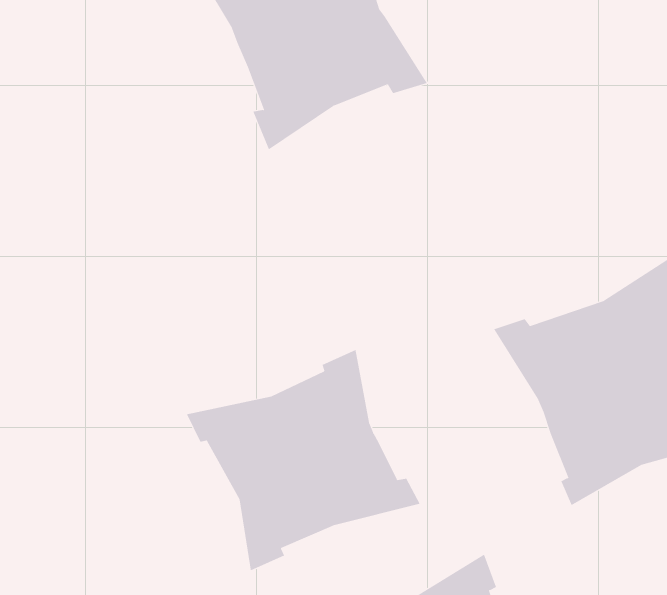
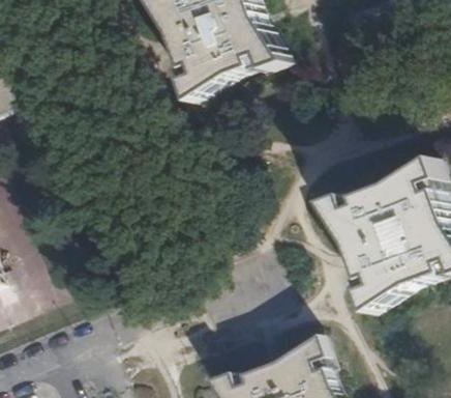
building: [186,349,420,571] -> none

